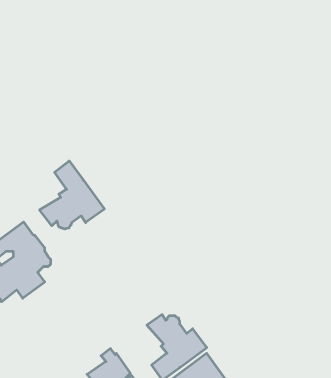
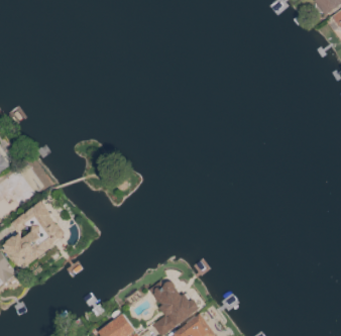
building: [40,161,104,229] -> none

